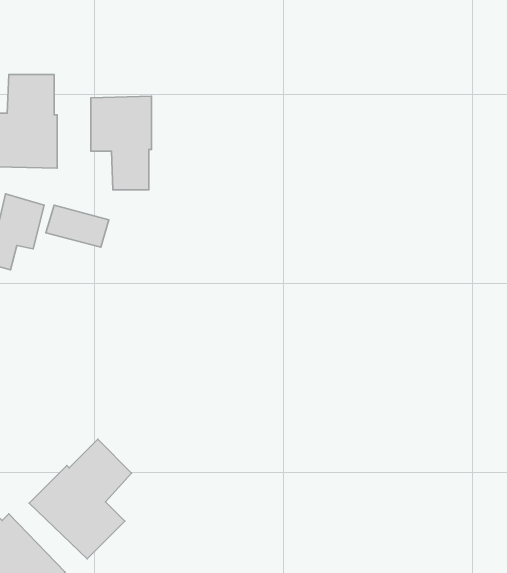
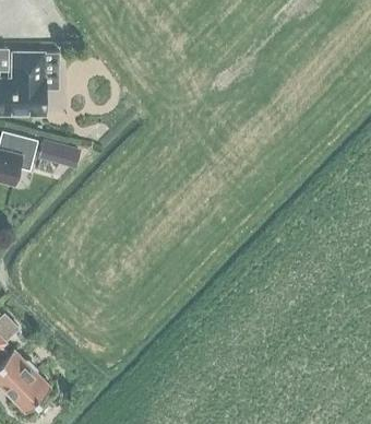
building: [91,96,152,190] -> none
building: [29,439,132,559] -> none

